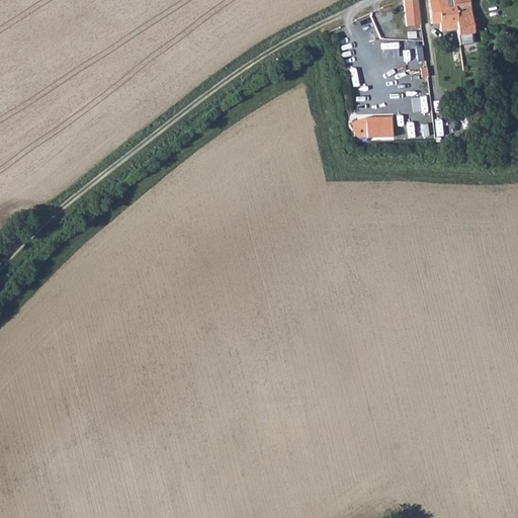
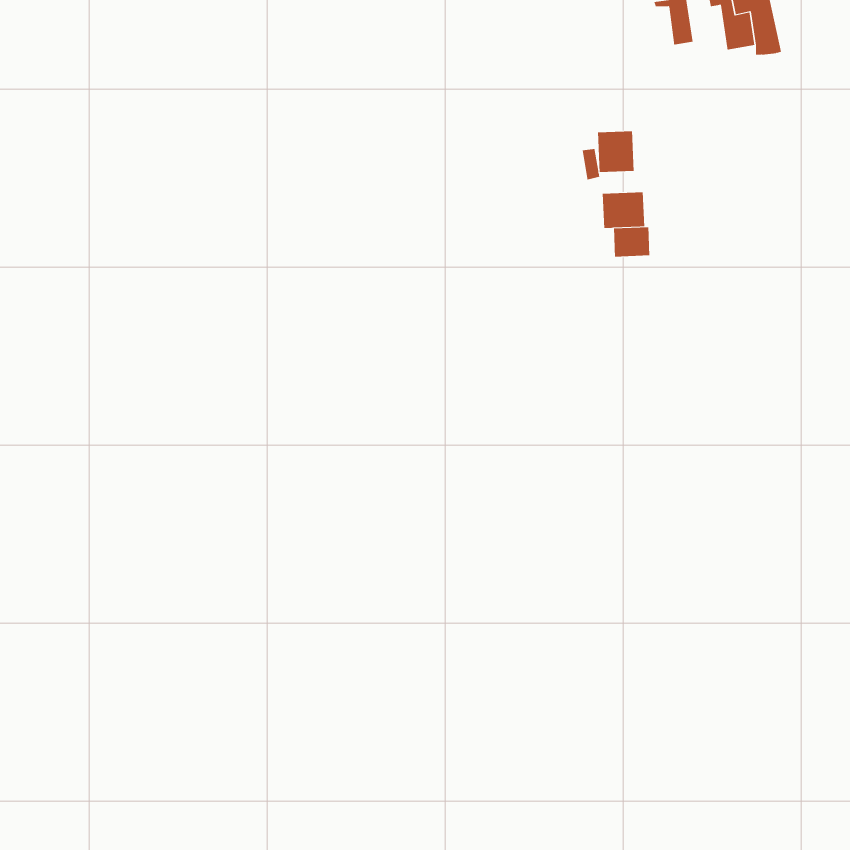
building: none -> [598,131,634,173]
building: none -> [614,227,650,257]

